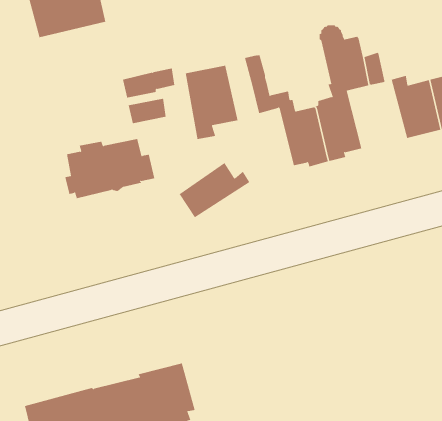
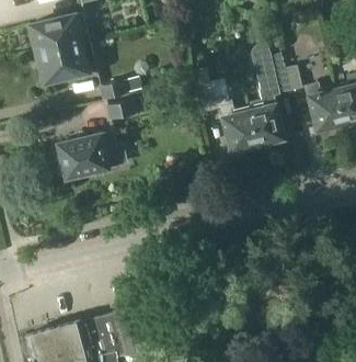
building: none -> [37,43,95,82]
building: [185,65,238,140] -> none
building: [179,162,250,218] -> none

